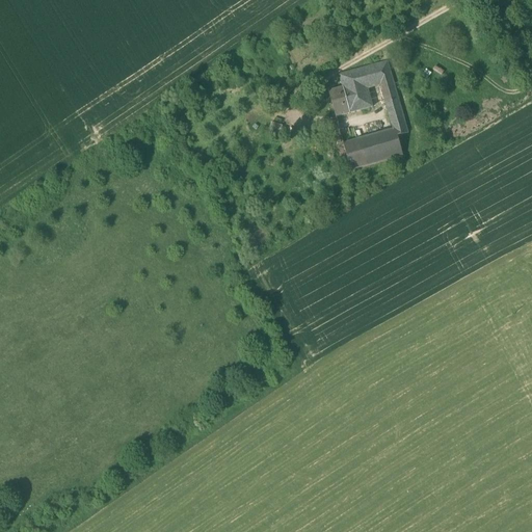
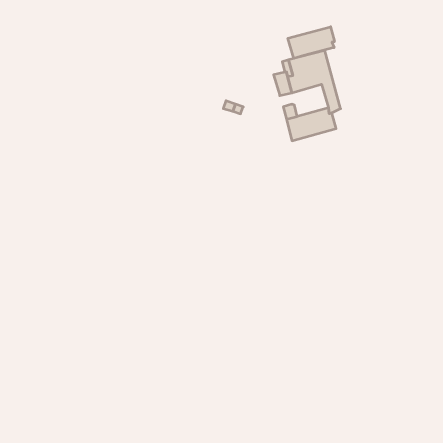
building: none -> [288,27,334,58]

